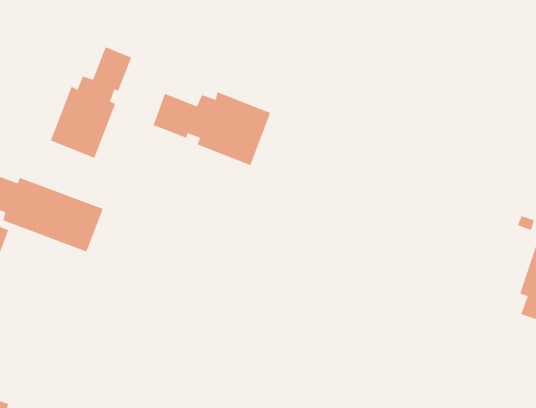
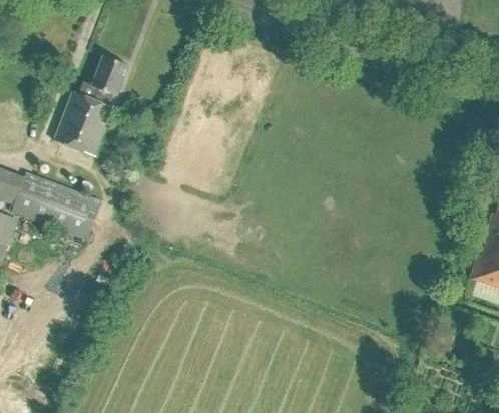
building: [153,91,271,166] -> none

